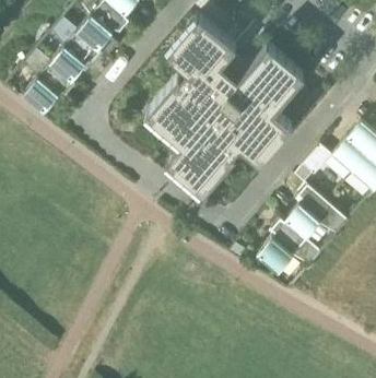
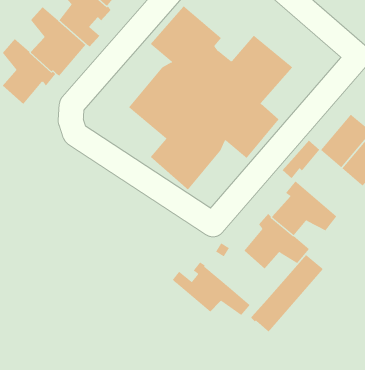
building: none -> [250,254,323,333]
building: none -> [172,262,251,316]

